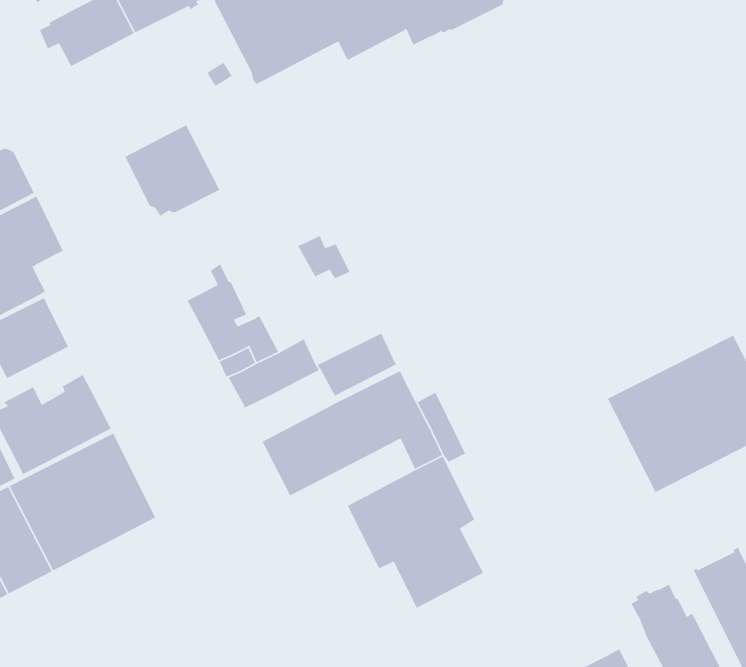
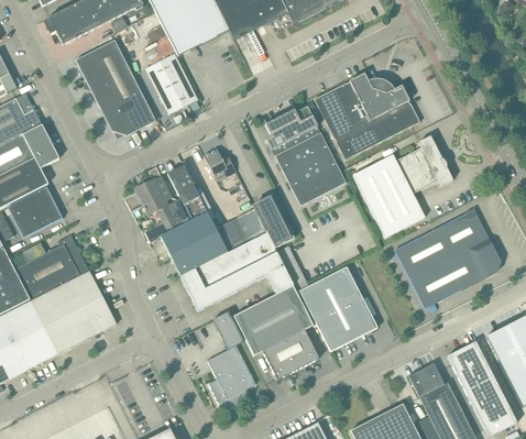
building: none -> [75,40,134,100]
building: none -> [144,53,197,114]
building: none -> [314,74,419,160]
building: none -> [264,107,346,206]
building: none -> [352,136,452,238]
building: none -> [167,165,207,221]
building: none -> [253,196,294,248]
building: none -> [169,232,227,276]
building: none -> [298,266,377,351]
building: none -> [207,311,255,410]

